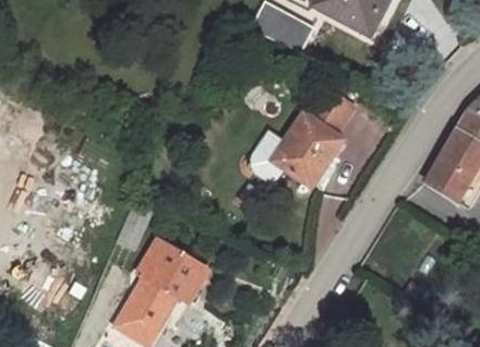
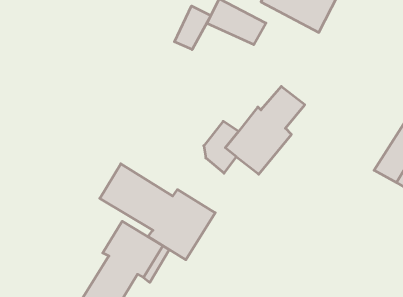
building: none -> [174,6,211,50]
building: none -> [100,164,215,260]

